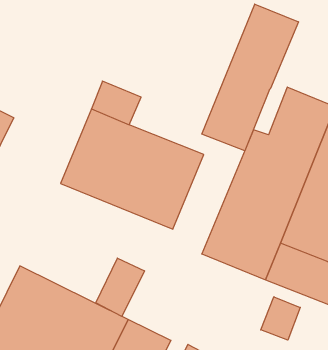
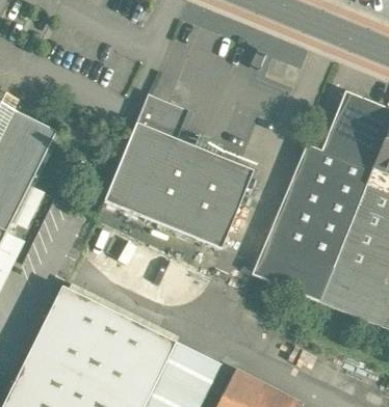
building: [202,4,298,151] -> none
building: [96,258,144,316] -> none
building: [261,297,300,340] -> none

